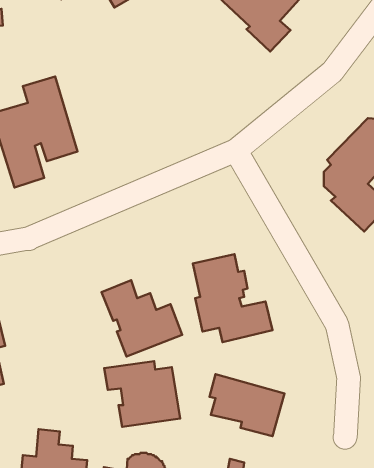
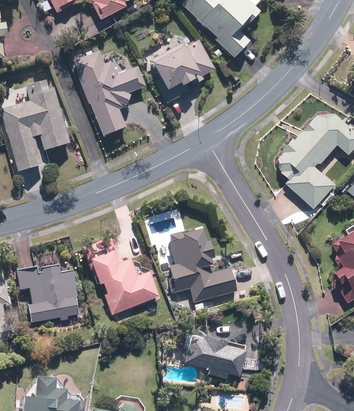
building: none -> [144,31,215,104]
building: none -> [68,48,147,135]
building: [104,361,180,427] -> [16,266,80,321]

